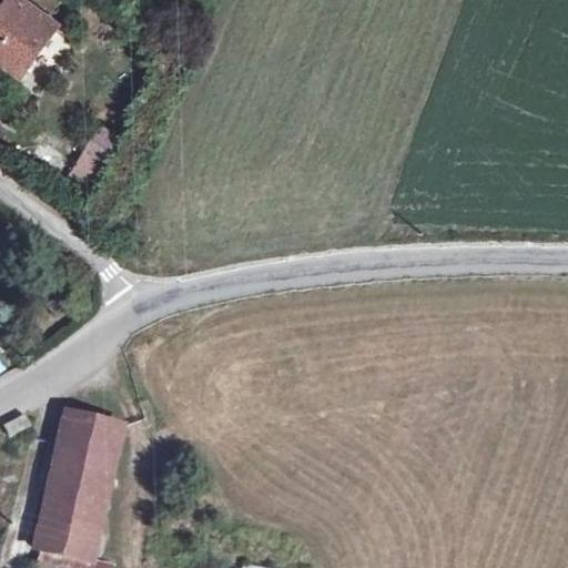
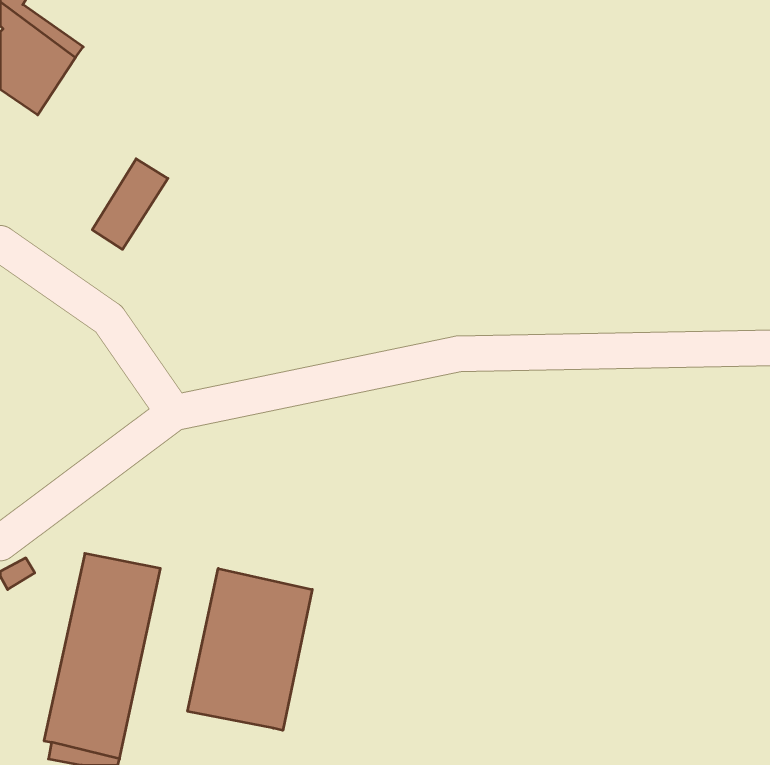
building: none -> [188,568,312,730]

